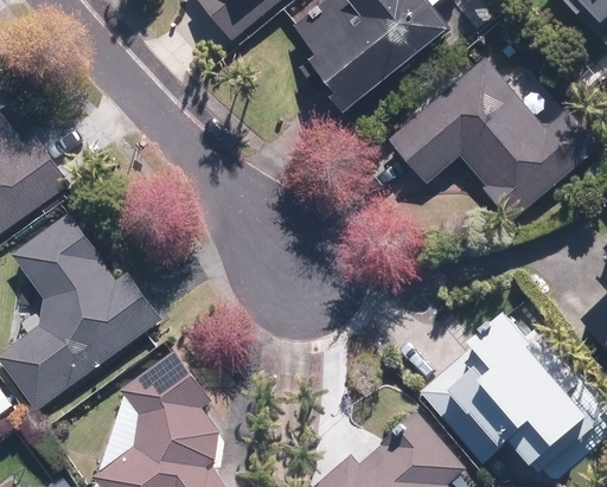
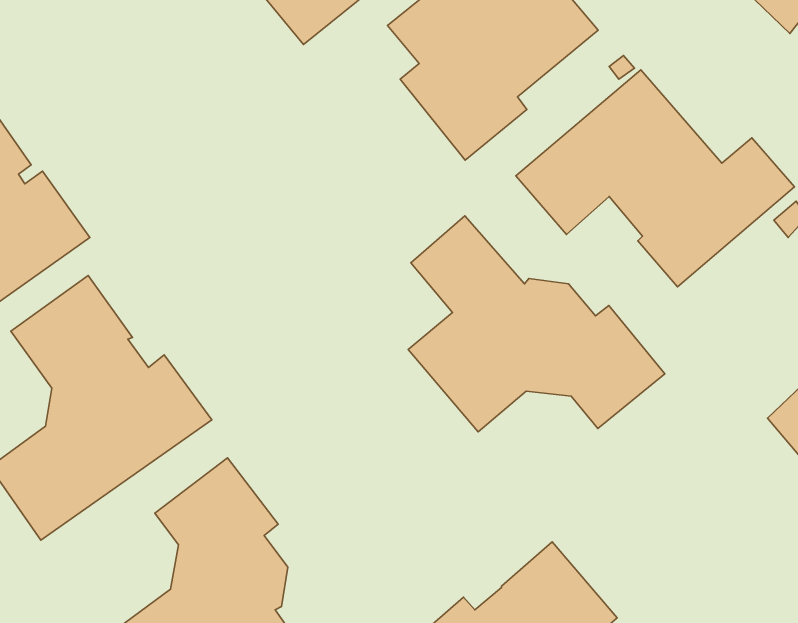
building: none -> [408,216,665,432]
building: [417,314,588,466] -> none

